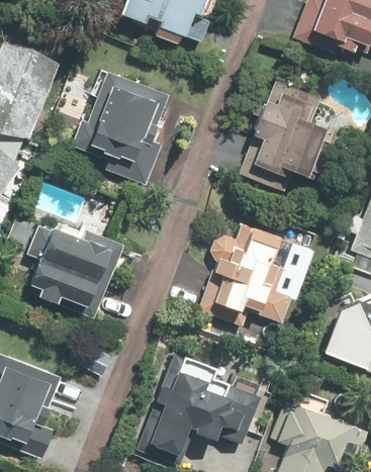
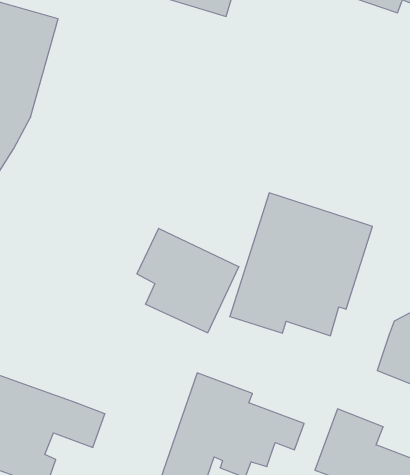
building: [71,68,184,184] -> none
building: [244,80,311,183] -> none
building: [20,221,106,309] -> [137,228,239,333]

